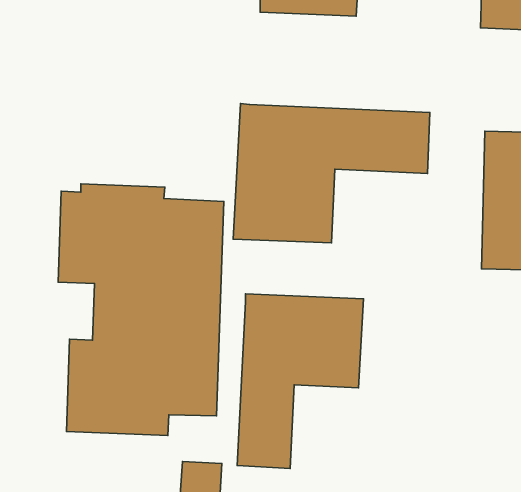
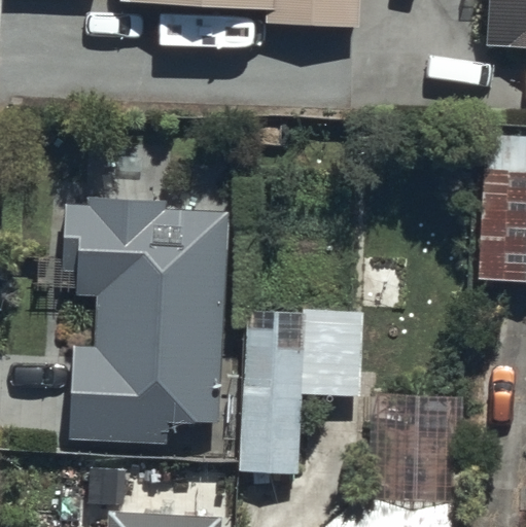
building: [233,104,430,243] -> none

